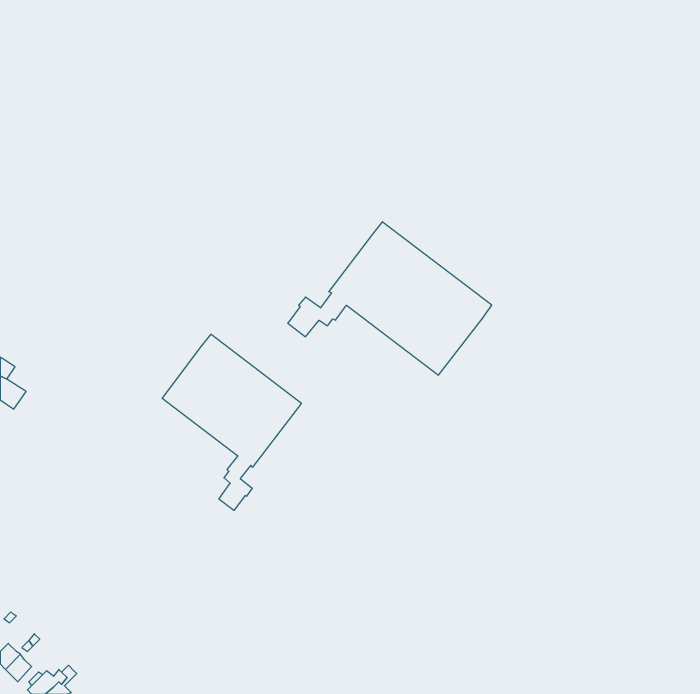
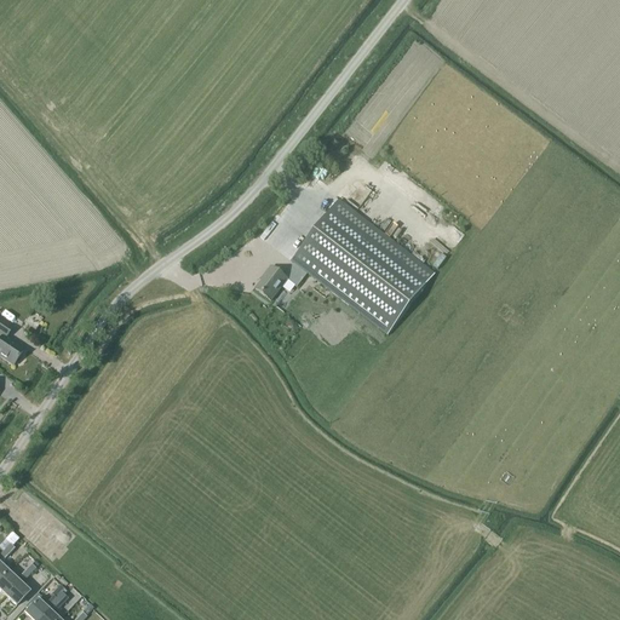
building: [162,334,301,510] -> none

